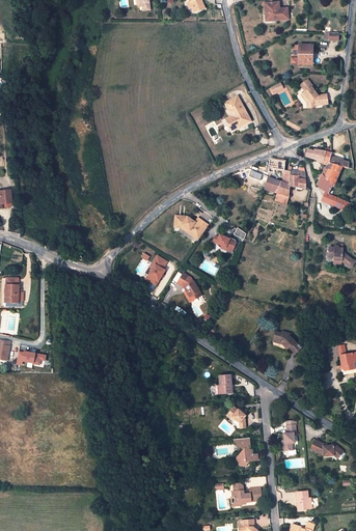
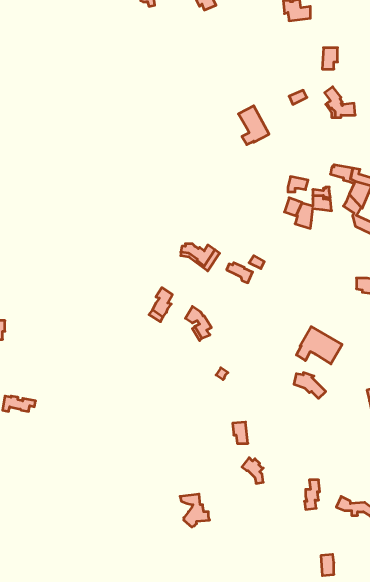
building: none -> [296,327,342,364]
building: [232,437,258,466] -> [180,494,210,527]
building: [231,482,262,503] -> none

